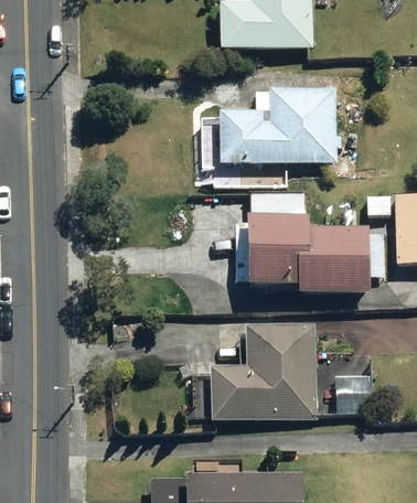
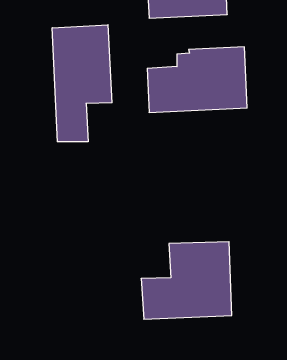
building: none -> [52,25,112,142]
building: [238,217,370,296] -> none

